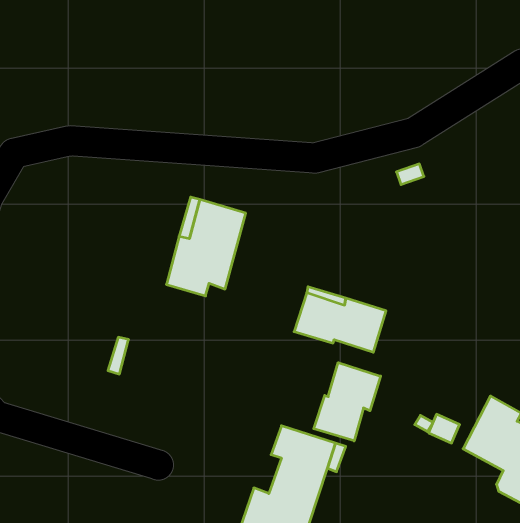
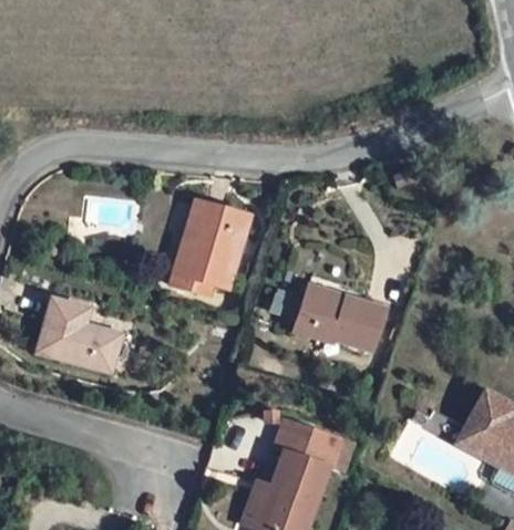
building: none -> [38,299,121,370]
building: [314,363,381,441] -> none

